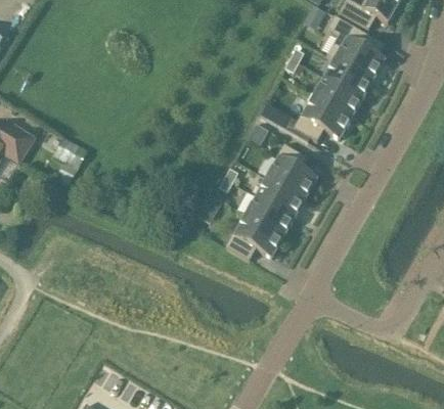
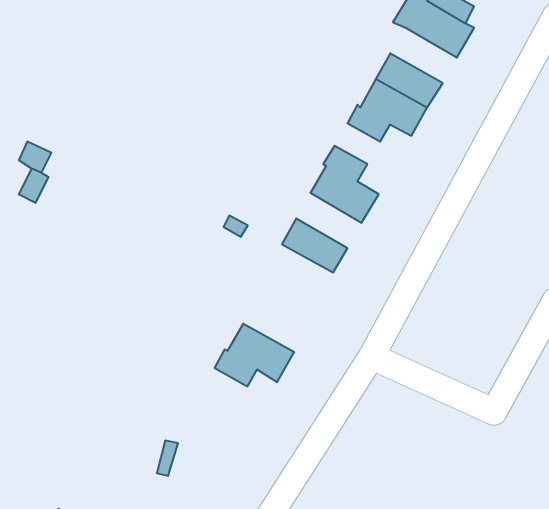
building: [324,57,372,97] -> none
building: [257,176,304,216] -> none
building: [226,213,283,258] -> [215,324,294,386]

